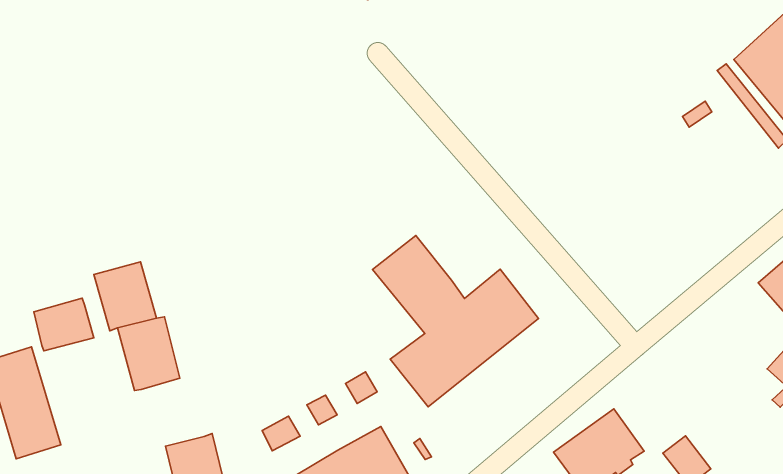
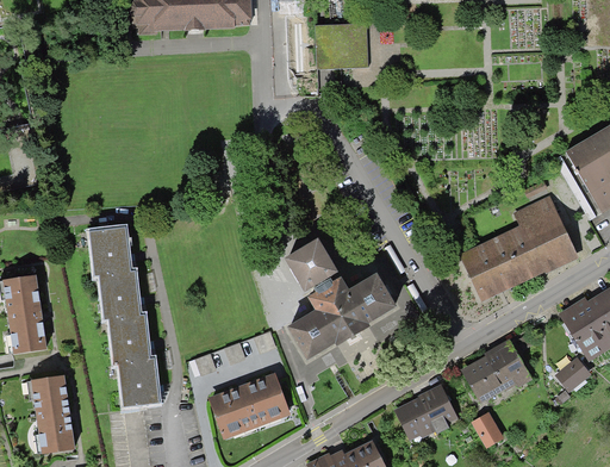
building: none -> [461,197,580,301]
building: [34,298,94,351] -> none
building: none -> [461,338,533,404]
building: none -> [110,313,149,362]

